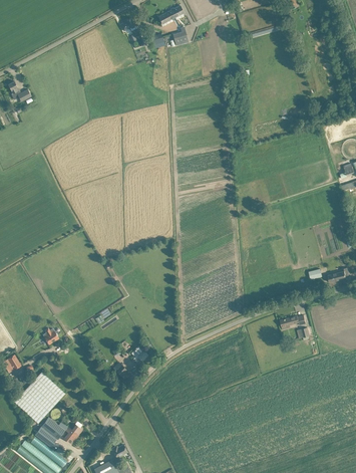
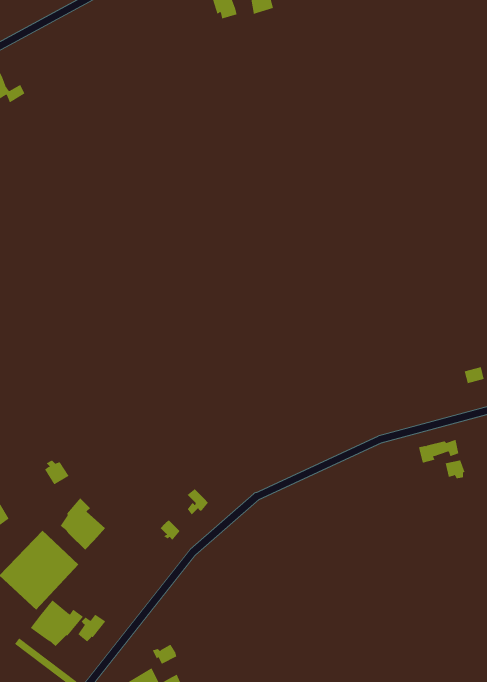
building: none -> [60,498,106,551]

